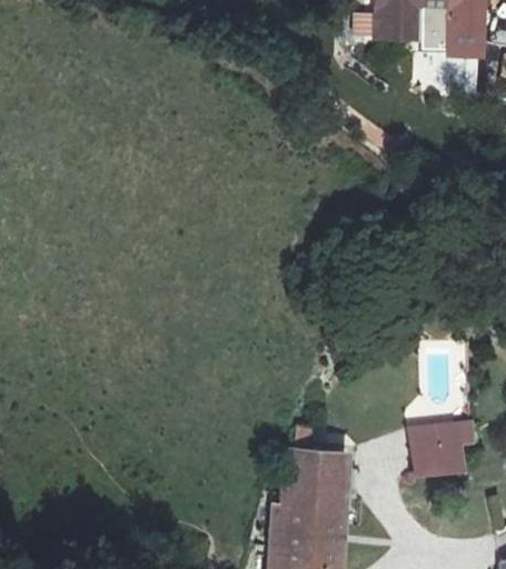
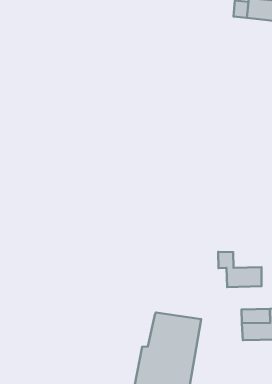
building: none -> [218,252,262,287]

